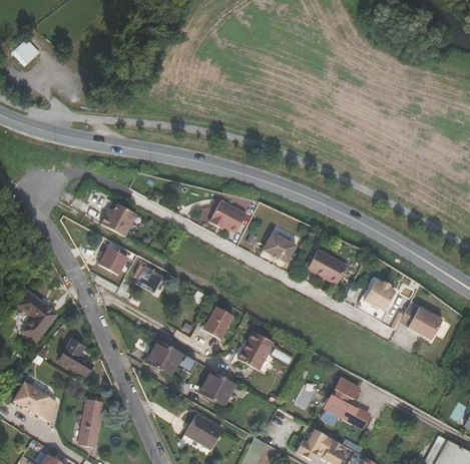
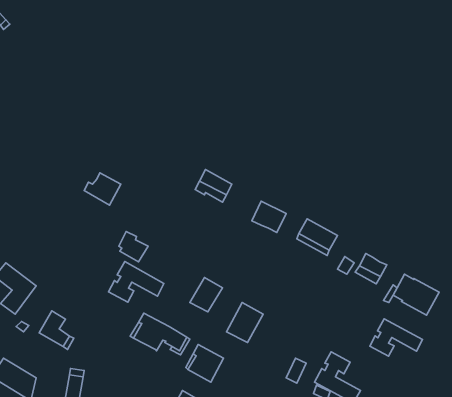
building: [98,247,128,275] -> none
building: none -> [108,262,164,302]
building: none -> [370,319,422,356]

